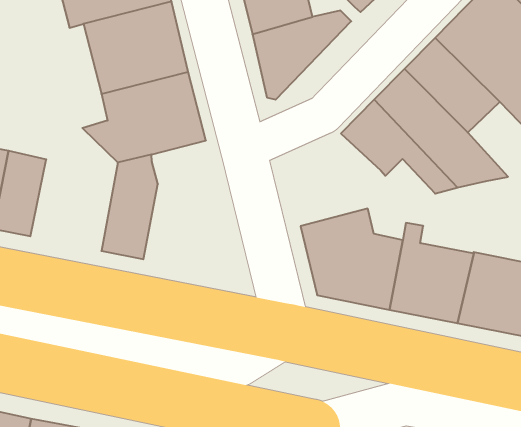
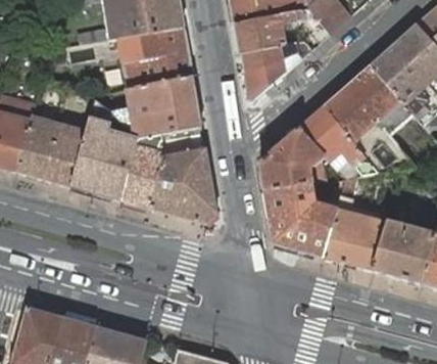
building: none -> [70,97,137,199]
building: none -> [259,128,325,192]
building: none -> [150,146,216,223]

